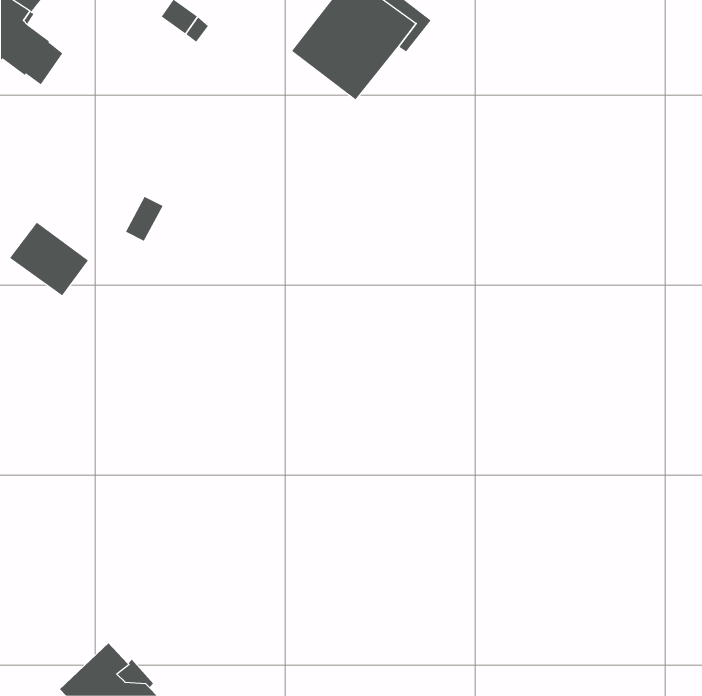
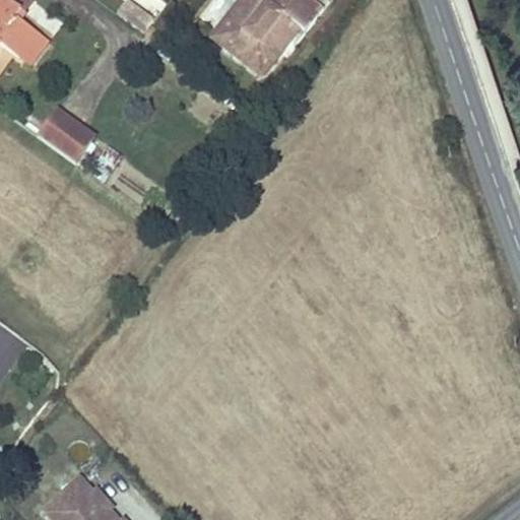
building: [9,222,89,296] -> [38,108,96,162]

